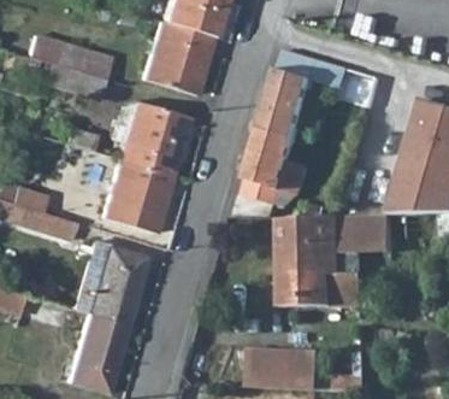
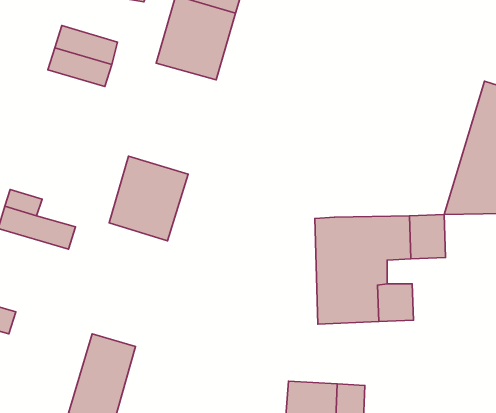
building: [248,49,355,204] -> none
building: [106,102,189,176] -> none
building: [75,242,147,325] -> none

